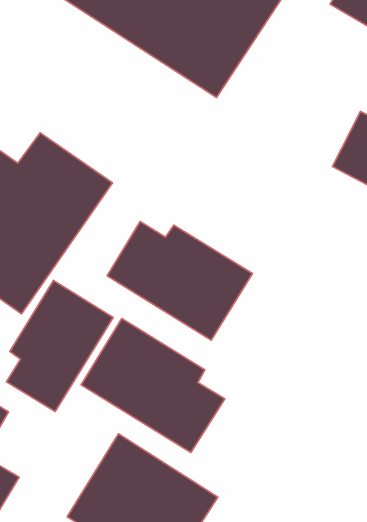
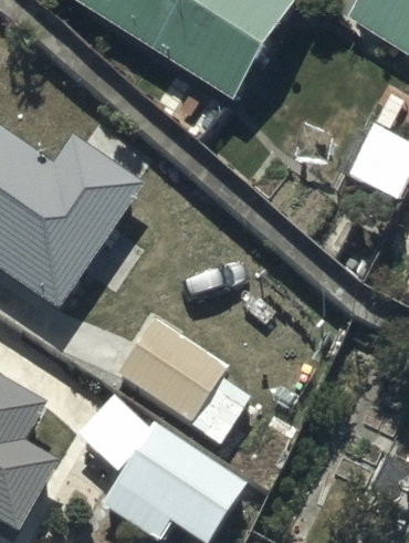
building: [107,221,253,340] -> none
building: [6,281,113,411] -> none

